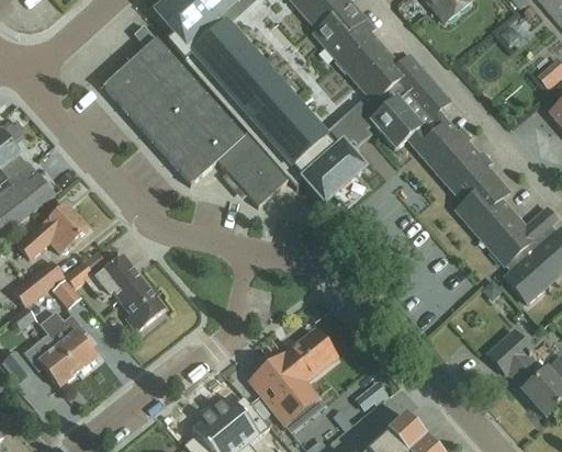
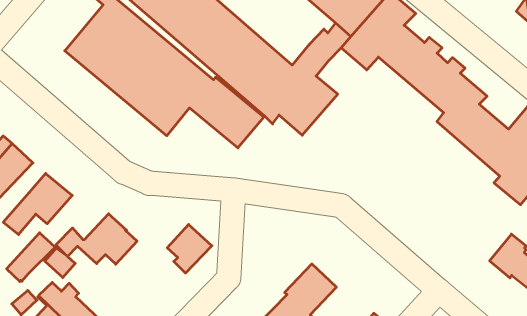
building: [121,283,165,330] -> [167,224,212,273]

